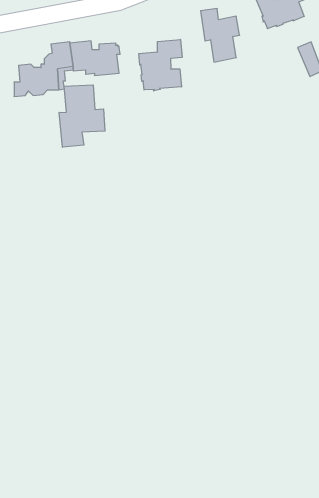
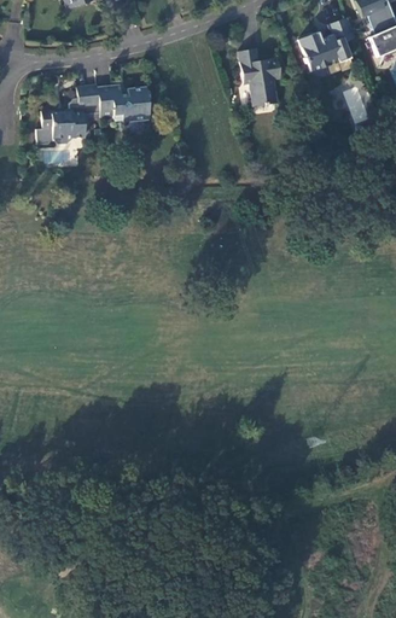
building: [139,39,182,91] -> none
building: [59,85,105,147] -> none

